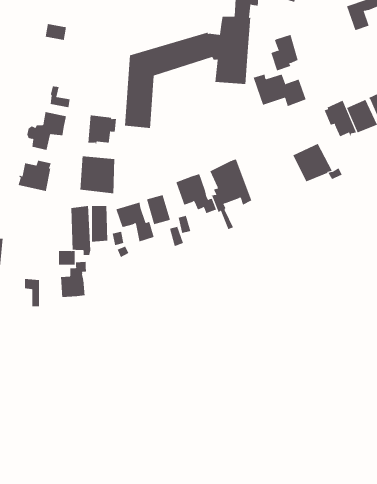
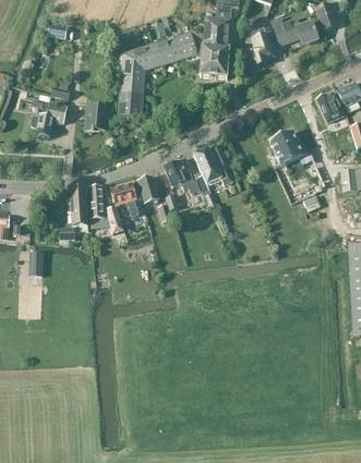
building: [253,74,307,107] -> [270,16,318,46]
building: [324,100,357,137] -> none
building: [80,155,115,194] -> none
building: [18,160,51,192] -> none
building: [61,258,87,298] -> none

